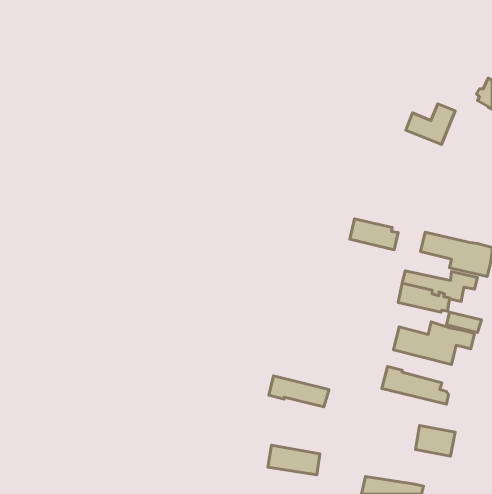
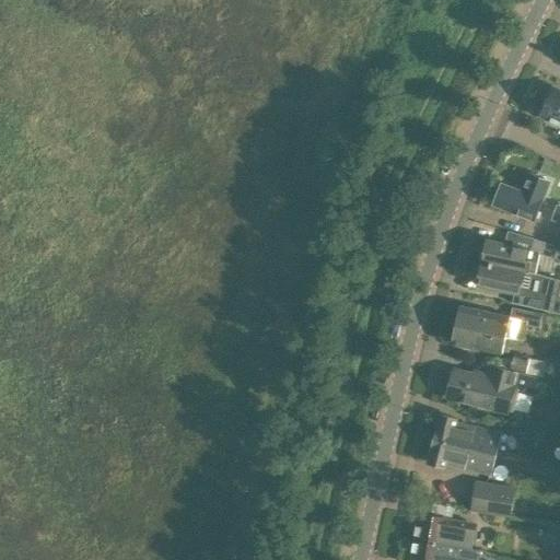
building: [406,104,455,145] -> [492,173,548,219]
building: [350,219,398,250] -> [481,240,536,275]
building: [269,376,329,407] -> [427,440,494,475]
building: [268,445,320,475] -> [413,514,472,548]

